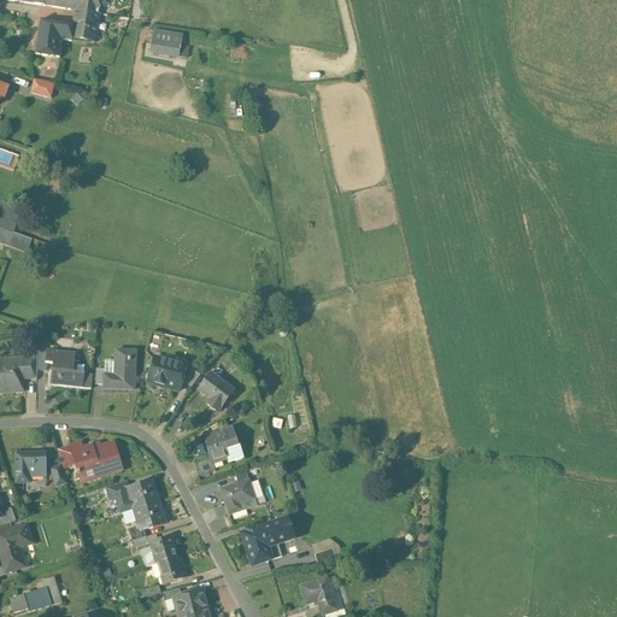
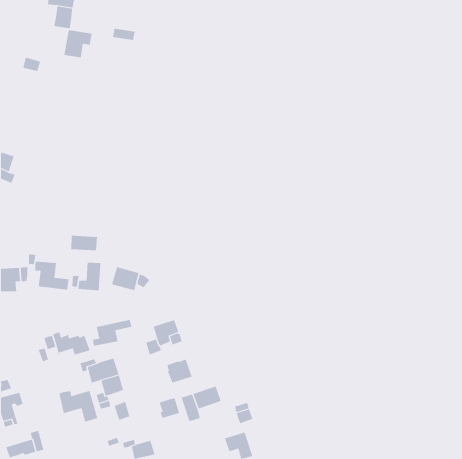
building: [35,17,74,55] -> [64,29,93,58]
building: none -> [71,235,97,251]
building: [198,372,234,410] -> none
building: none -> [93,319,132,346]
building: [14,451,45,481] -> none
building: none -> [59,390,98,423]
building: [159,554,187,582] -> [159,398,180,419]

